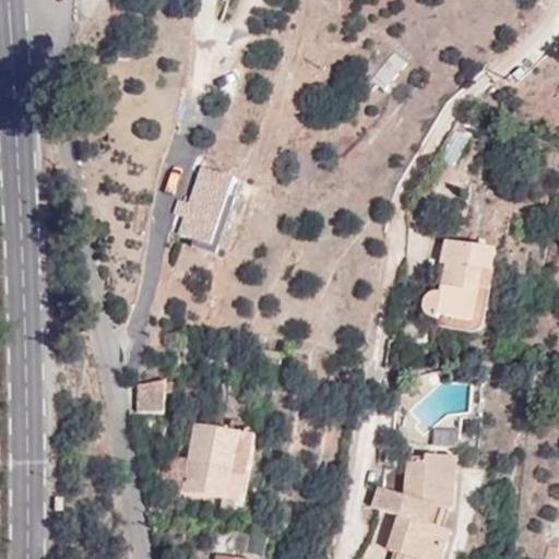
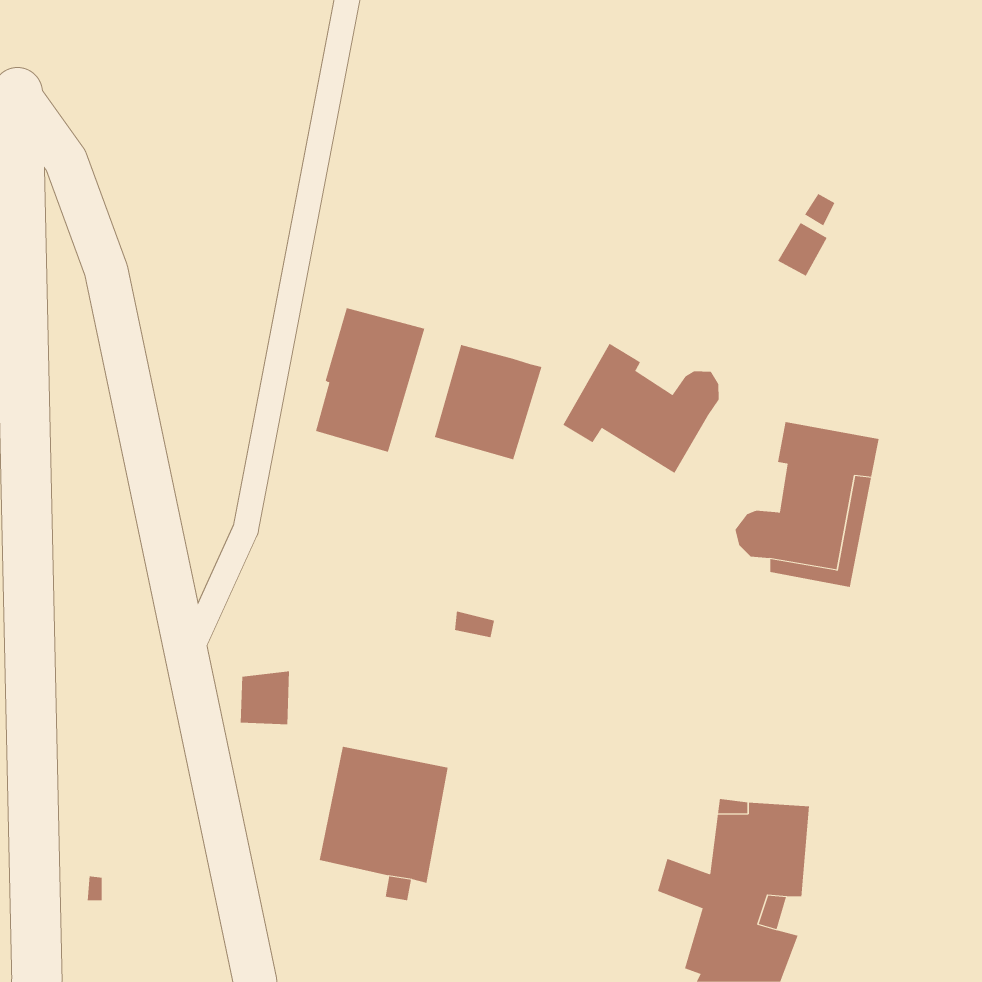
building: none -> [563,343,719,474]
building: none -> [434,344,542,460]

